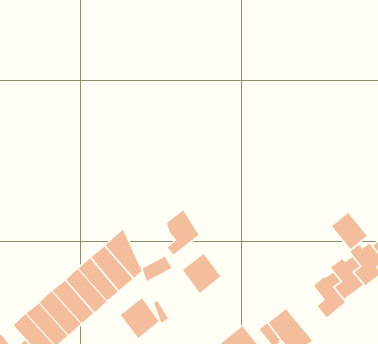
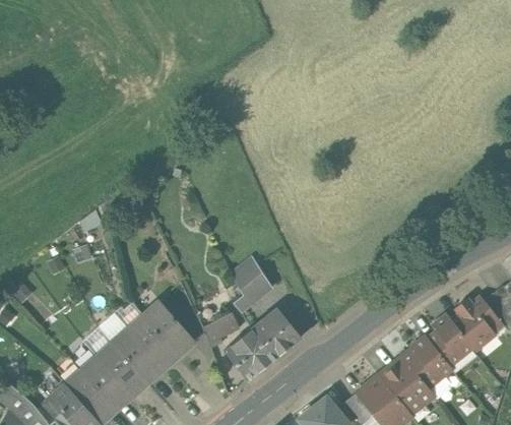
building: [331,212,368,250] -> none
building: none -> [379,353,432,412]
building: [120,297,160,339] -> [226,329,274,380]

